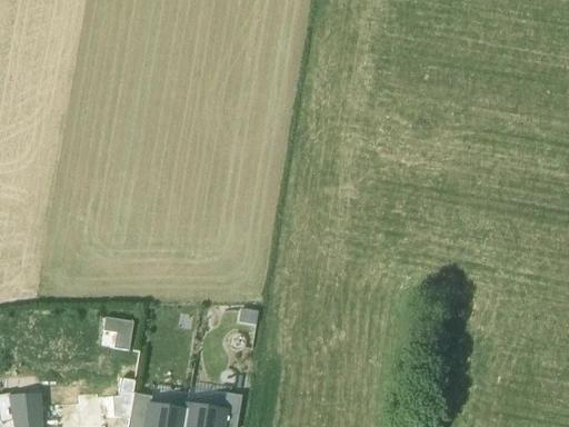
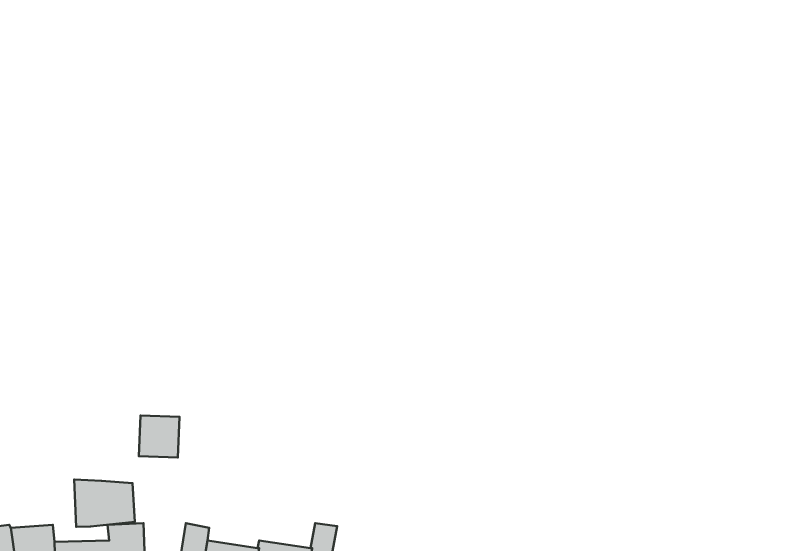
building: none -> [74,479,135,527]

